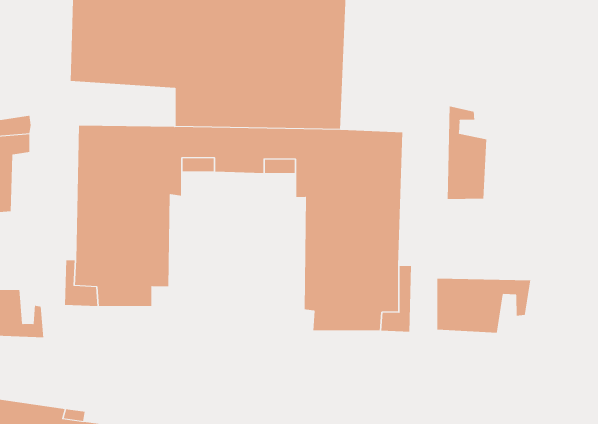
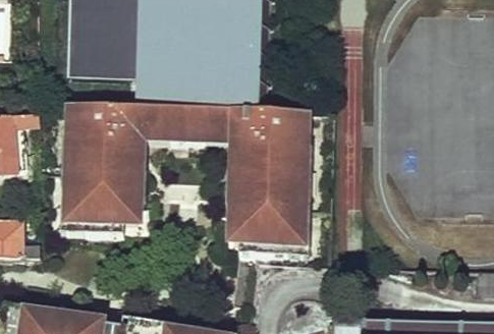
building: [447,105,487,200] -> none
building: [437,278,531,333] -> none

